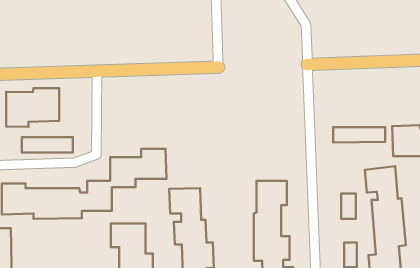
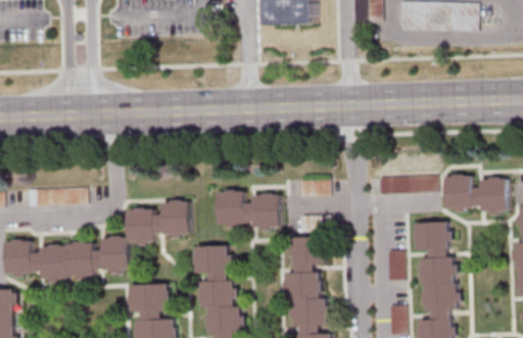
building: [6,88,59,127] -> none
building: none -> [216,189,279,229]

